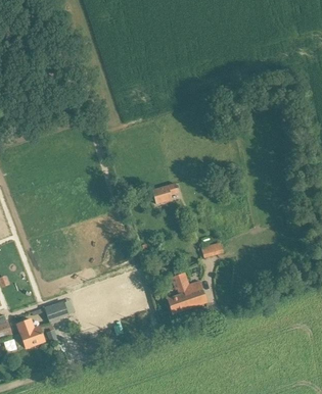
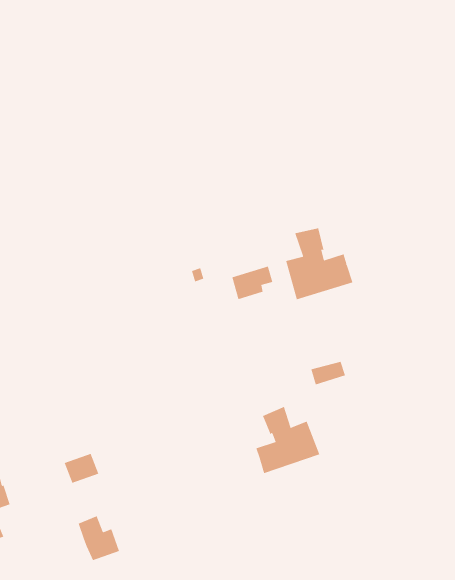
building: none -> [286,228,353,300]
building: [17,318,44,347] -> [78,516,120,561]

